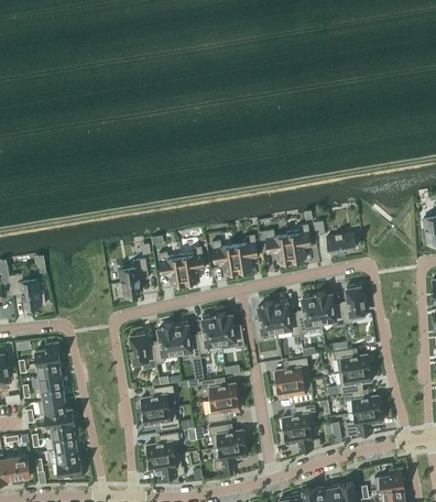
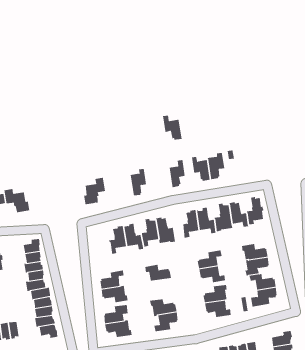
building: [327,232,356,253] -> none
building: [211,240,239,274] -> [162,115,182,140]
building: [159,252,186,286] -> none
building: [130,331,156,369] -> none
building: [207,396,241,423] -> none

